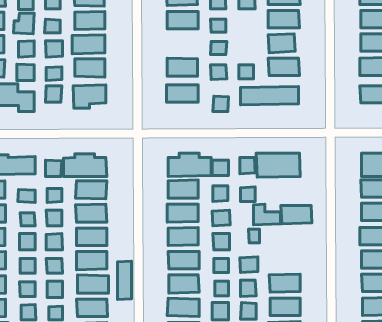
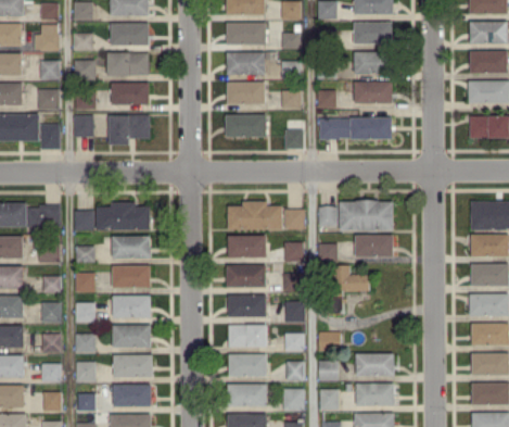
building: none -> [227,52,266,75]
building: [281,206,312,224] -> [355,235,394,258]
building: [117,261,131,299] -> none

